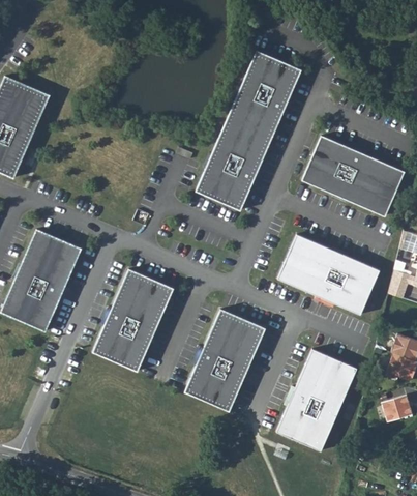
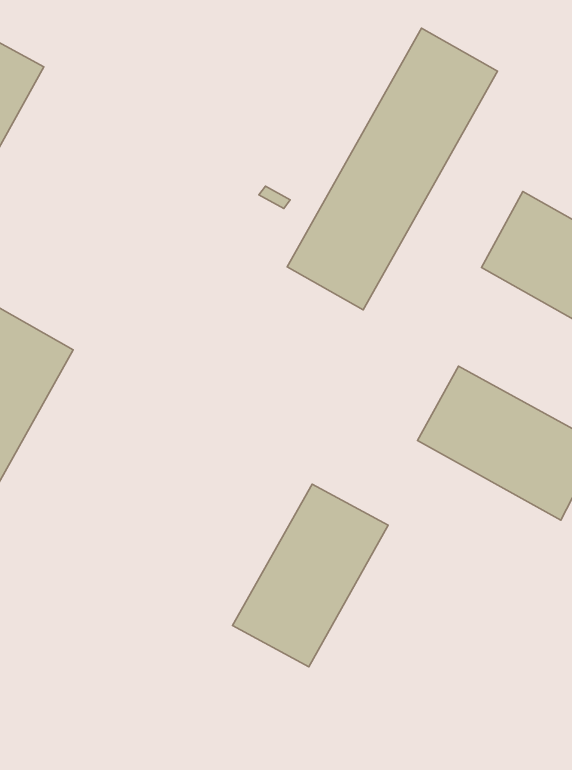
building: [92,270,173,373] -> none
building: [275,349,357,454] -> none

